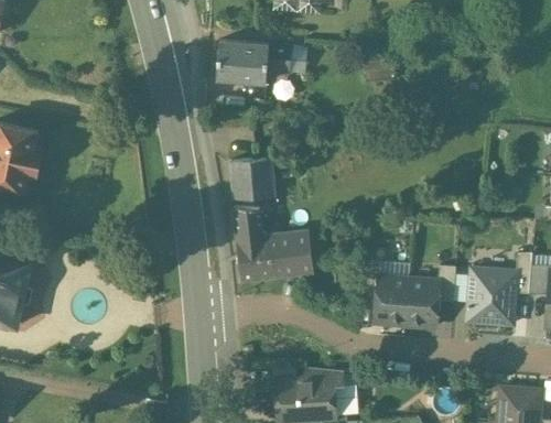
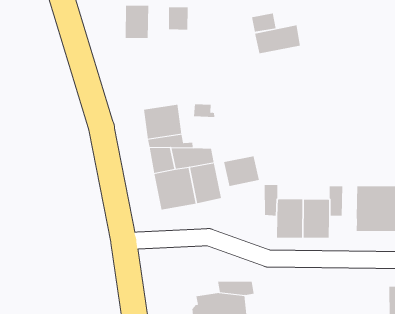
building: [242,43,269,84] -> none
building: none -> [254,25,300,54]
building: none -> [224,155,259,187]

